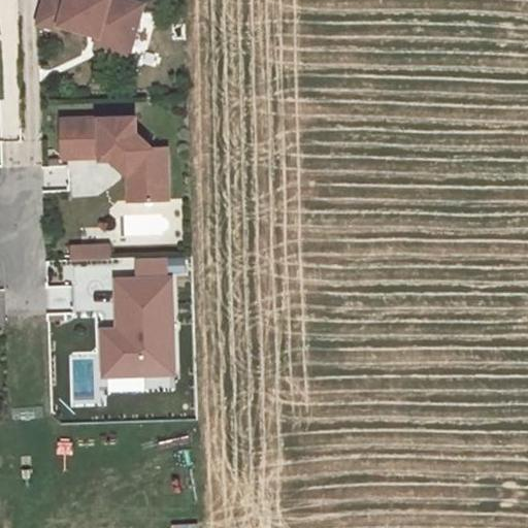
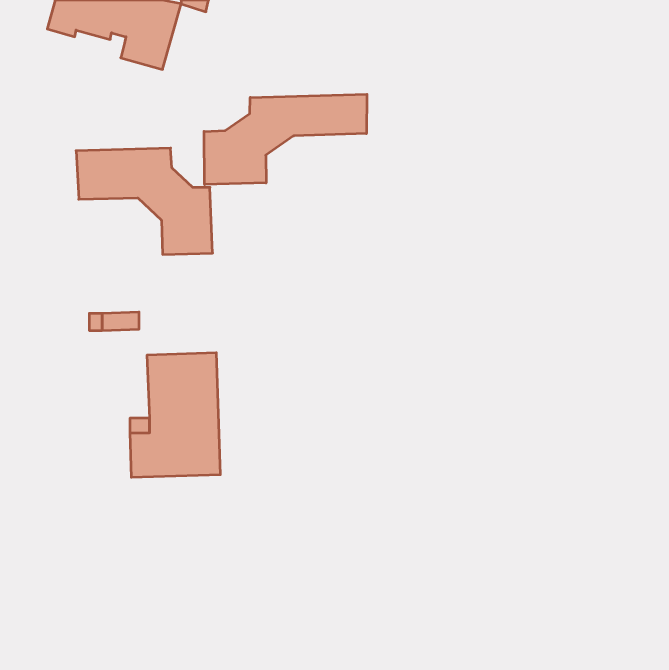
building: none -> [204,94,367,185]

